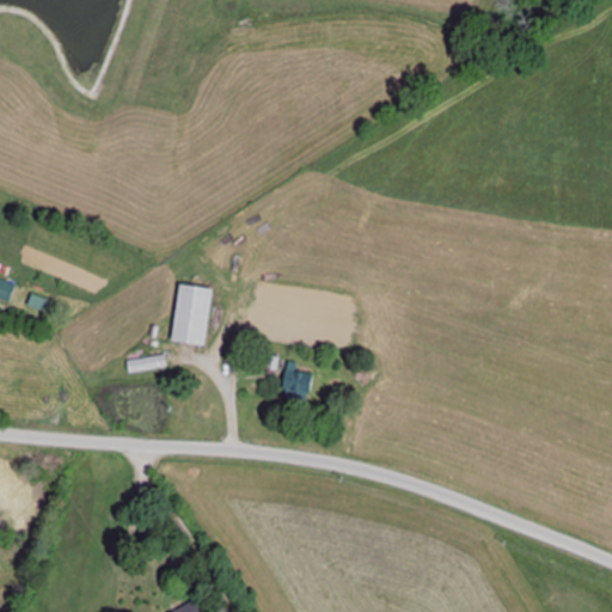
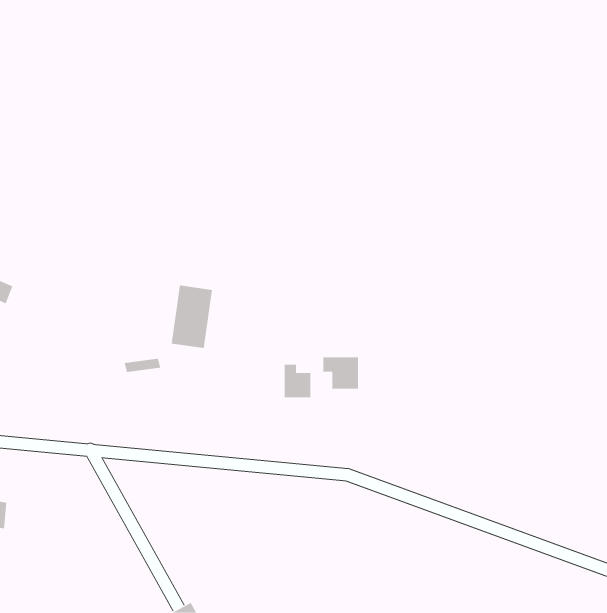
building: none -> [323,357,359,390]

